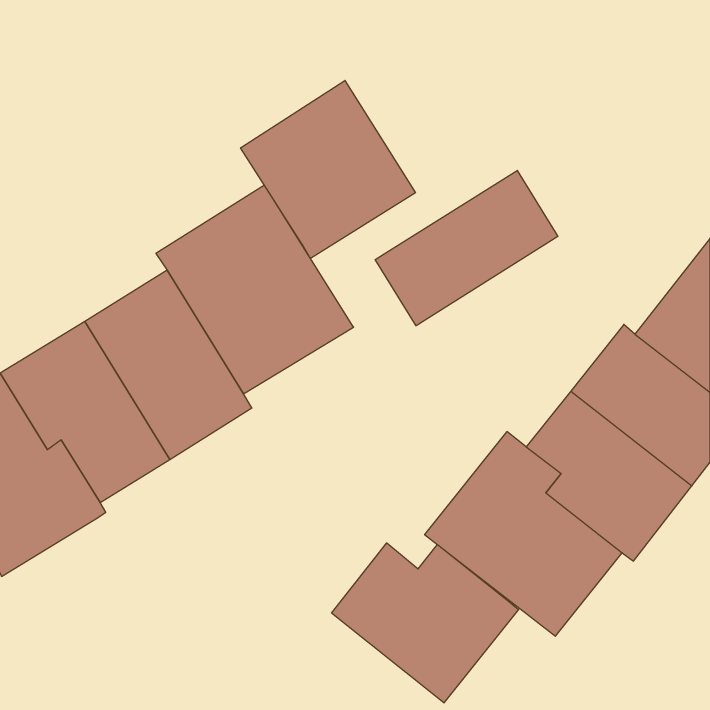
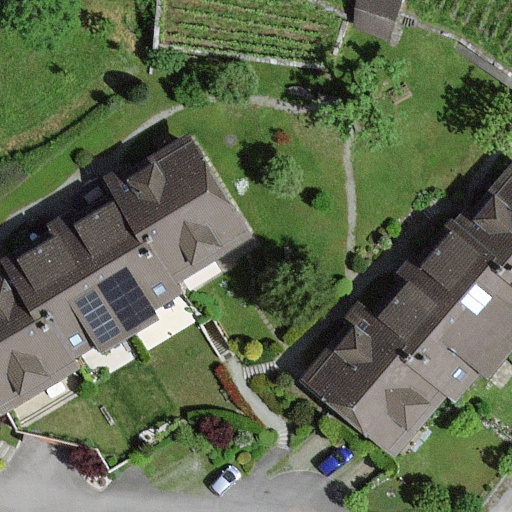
building: [241,80,415,258] -> none
building: [375,170,558,326] -> none
building: [332,543,519,703] -> none

